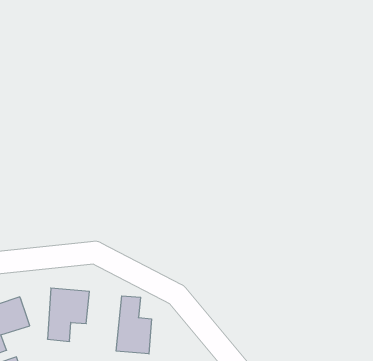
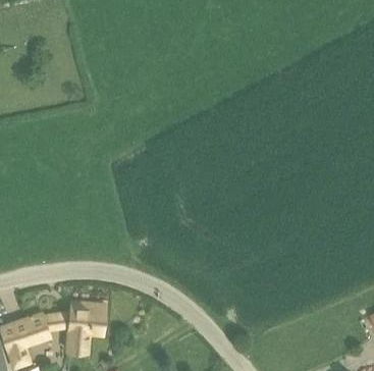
building: [116,296,151,354] -> none

